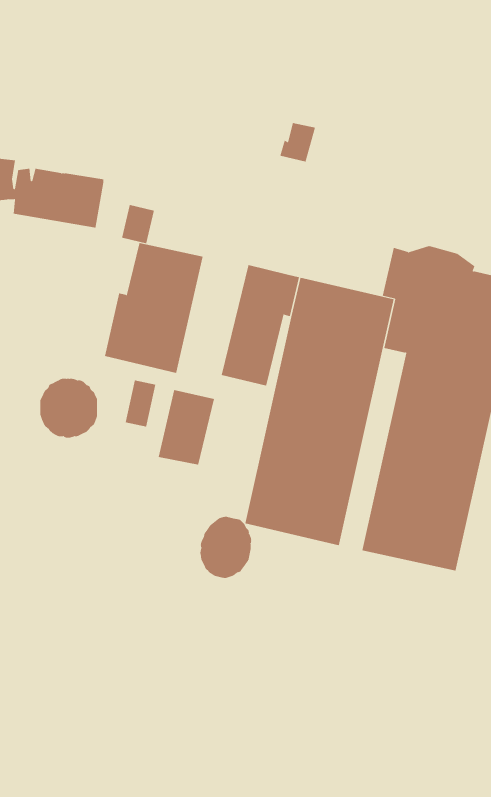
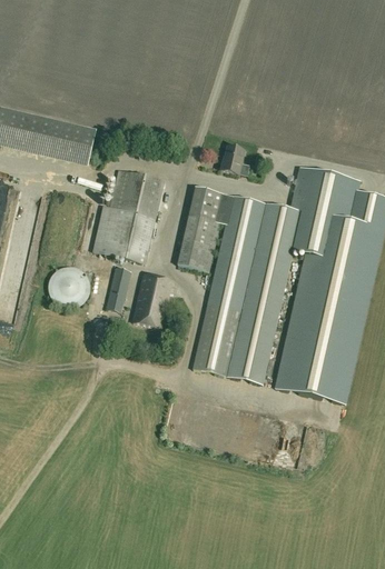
building: [279,123,316,162] -> [220,147,246,174]
building: [122,204,154,244] -> none
building: [200,516,252,579] -> none

